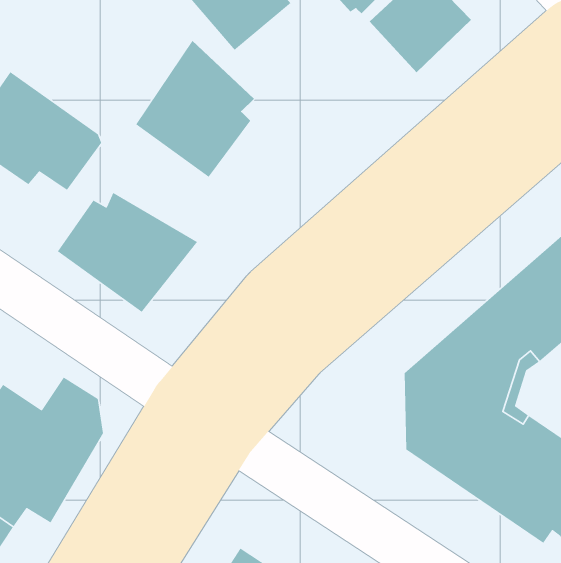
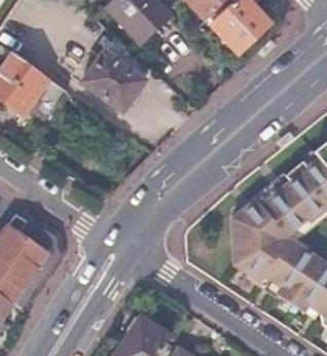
building: [57,192,198,313] -> none

